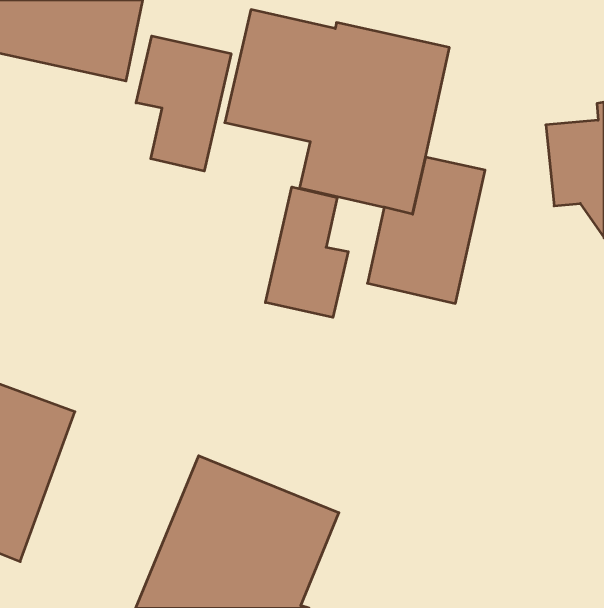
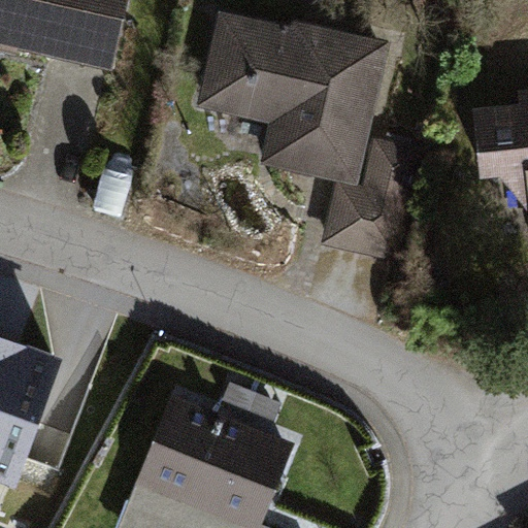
building: [136,36,231,171] -> none
building: [265,187,348,317] -> none

